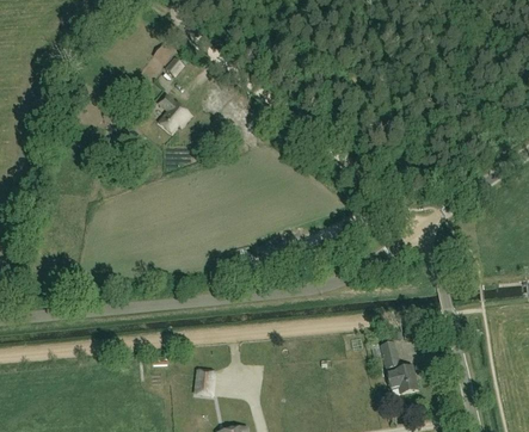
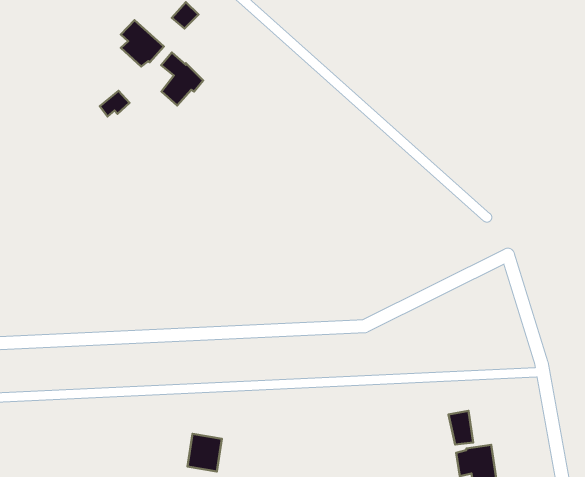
building: none -> [121,20,164,67]

